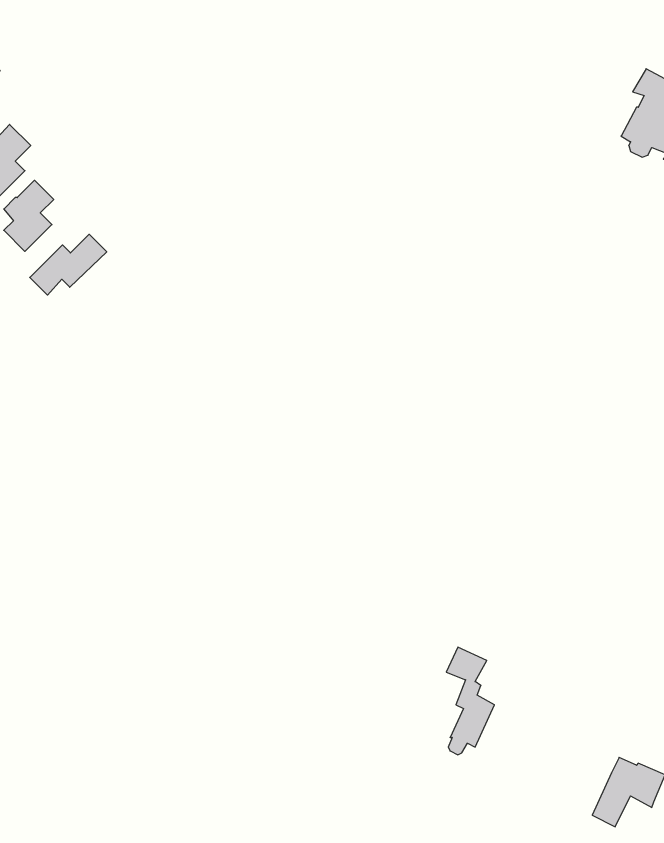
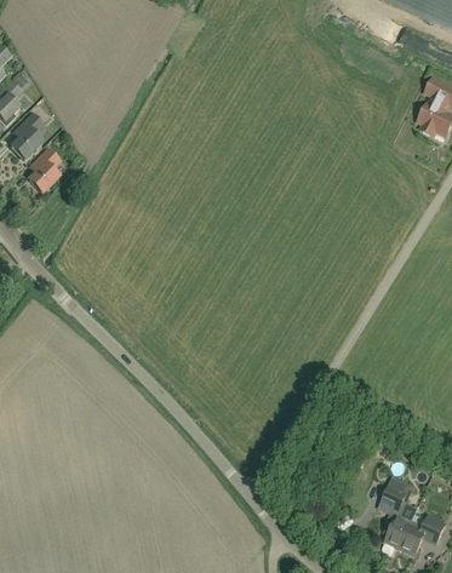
building: [30,234,107,295] -> none
building: [446,647,494,755] -> [382,485,412,552]

